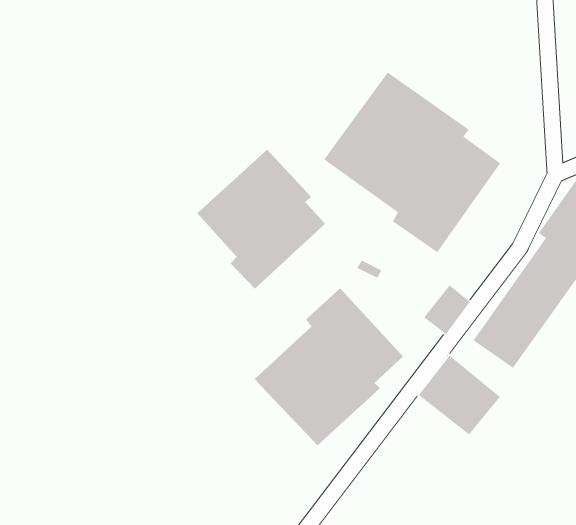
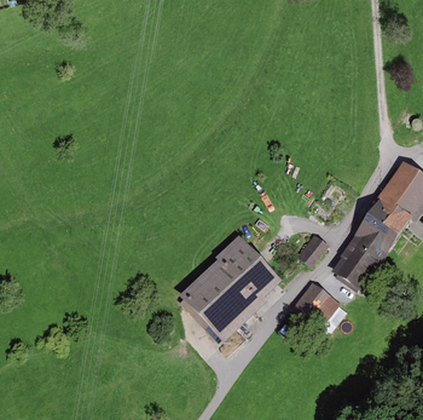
building: [323,72,501,253] -> none
building: [196,149,326,290] -> none

